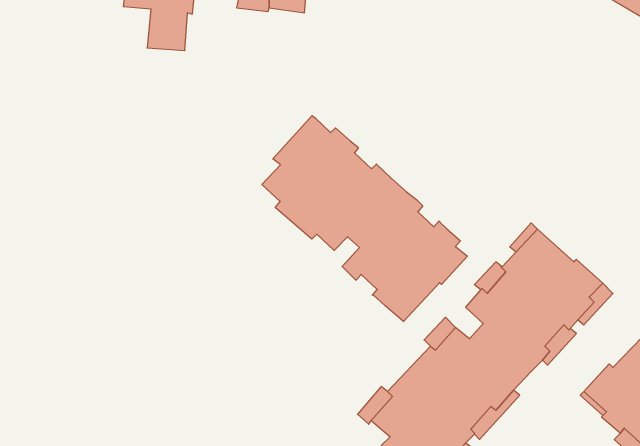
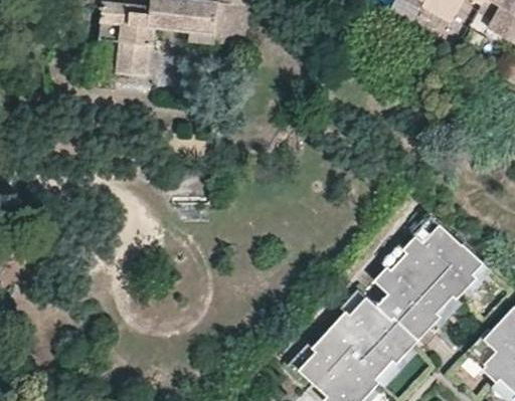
building: [262,116,467,322] -> none

